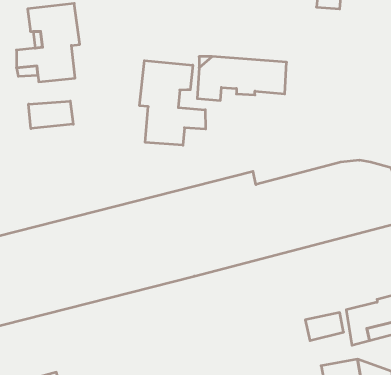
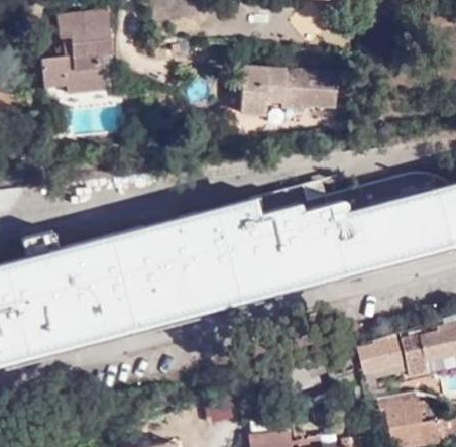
building: [140,61,206,145] -> none
building: [29,101,73,129] -> none

